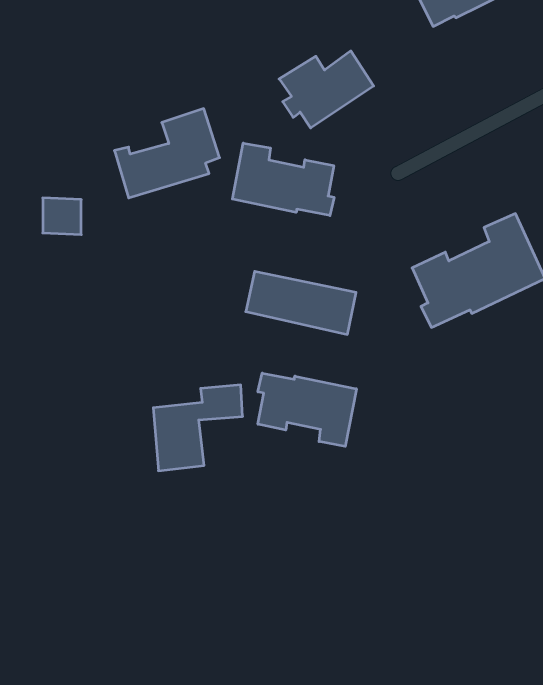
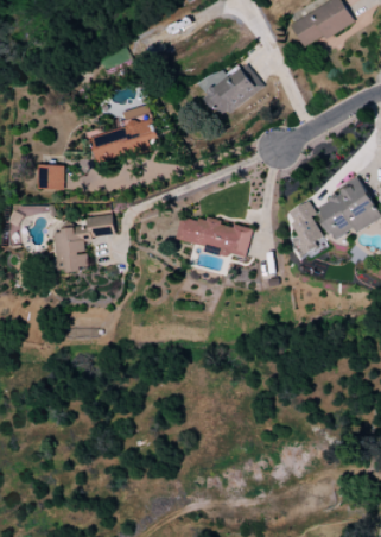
building: [232,143,334,216] -> none
building: [258,373,356,446] -> none
building: [153,385,243,471] -> [53,214,114,272]

